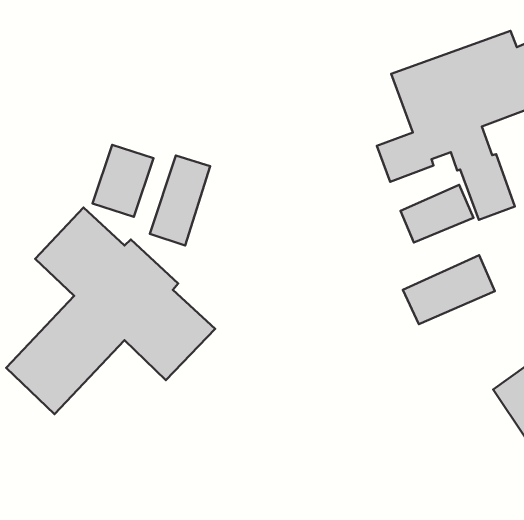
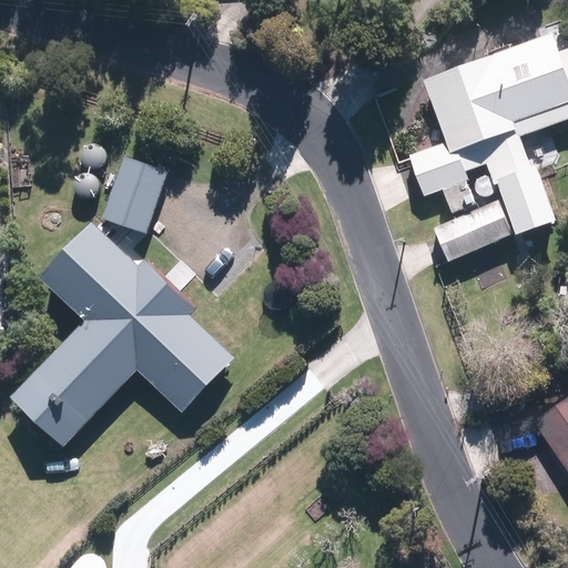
building: [150,156,210,245] -> none
building: [403,255,495,324] -> none

